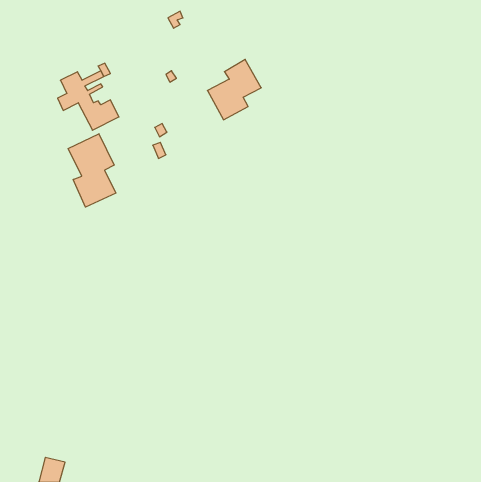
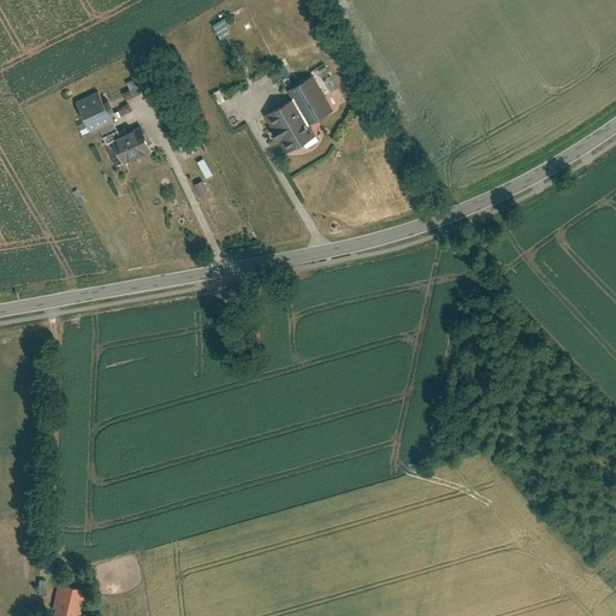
building: [68,134,116,207] -> none

